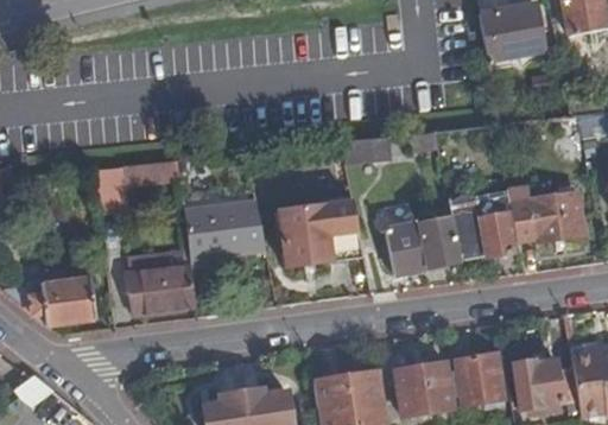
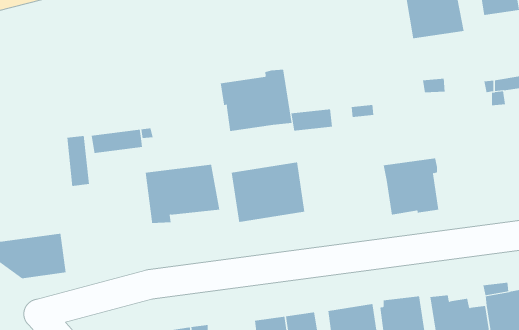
building: none -> [220,69,292,132]
building: [511,185,588,240] -> none
building: [387,220,463,279] -> none
building: [126,266,198,316] -> none

